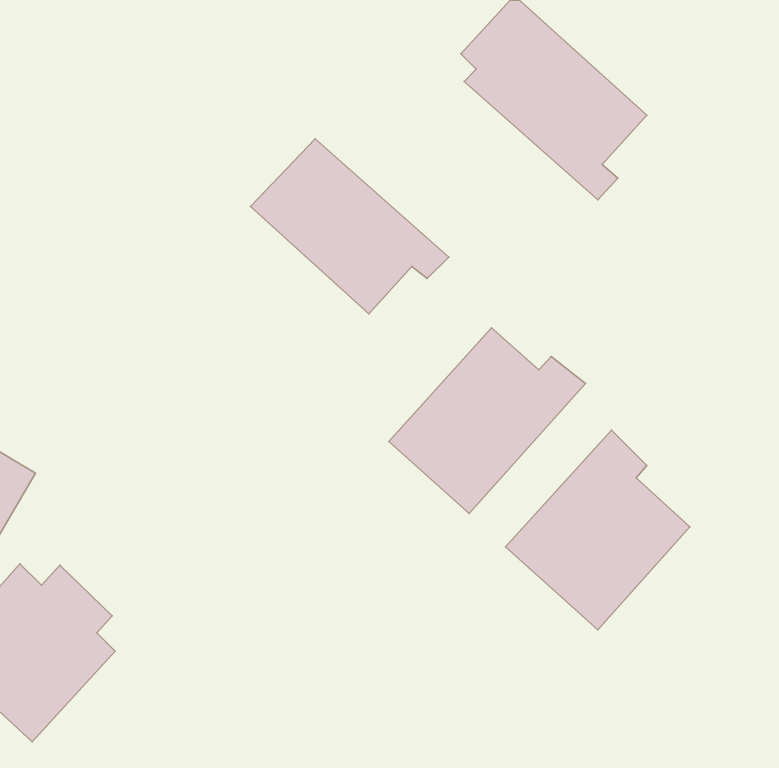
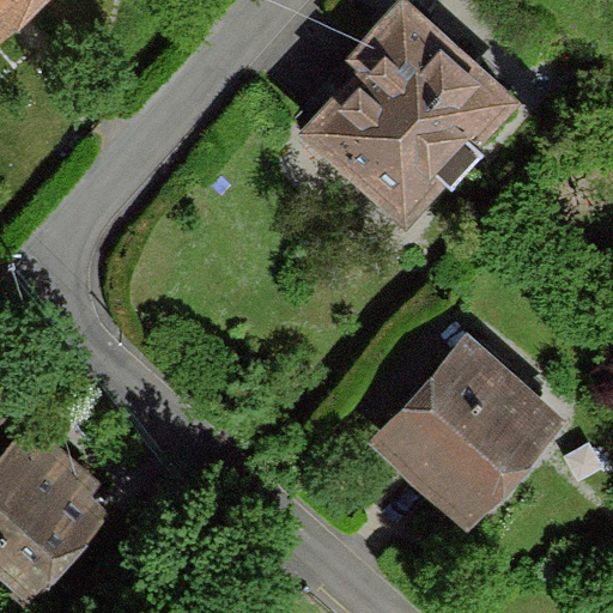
building: [250,139,449,314] -> [311,77,466,213]
building: [389,328,585,514] -> none

